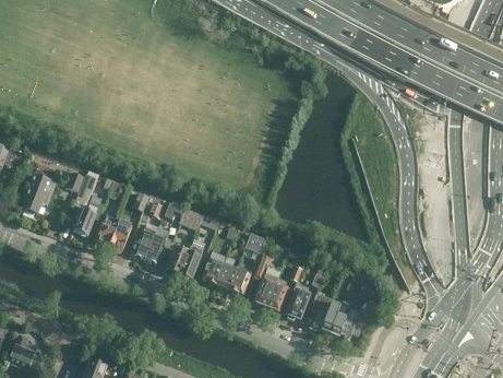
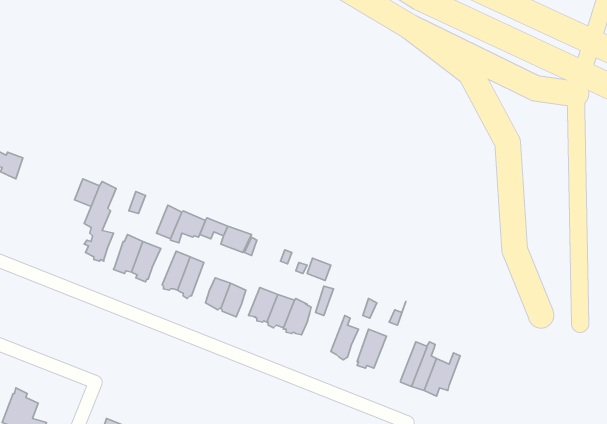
building: [22,174,57,213] -> none
building: [254,272,278,306] -> none
building: [311,292,333,329] -> none

